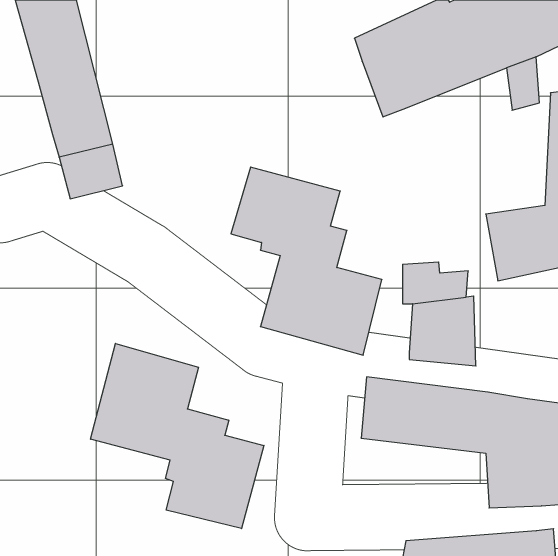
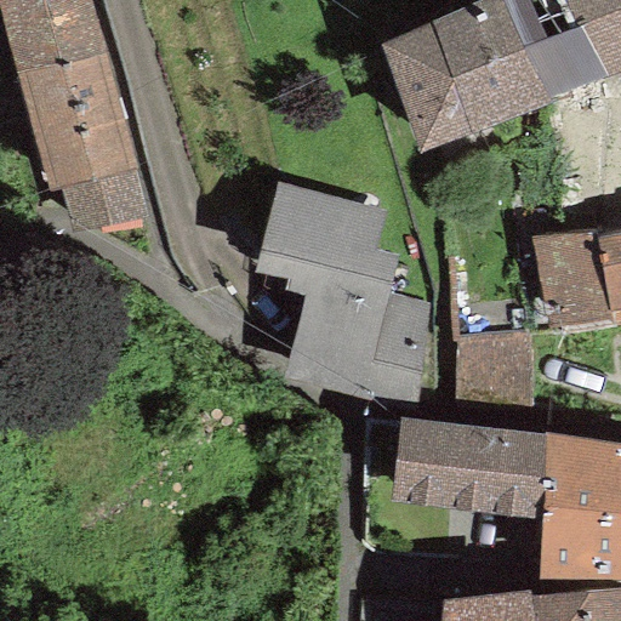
building: [91,343,264,529] -> none

